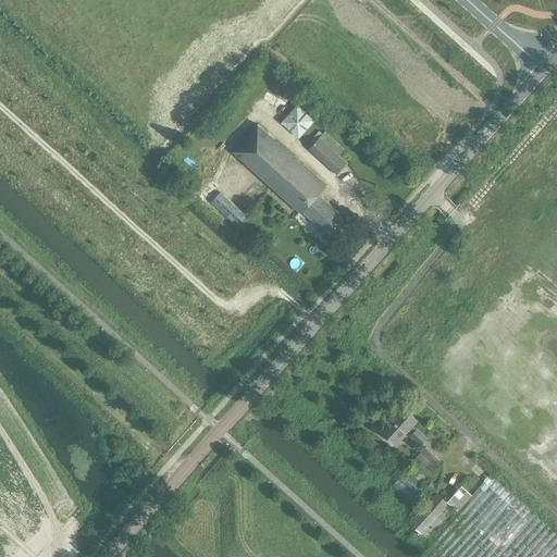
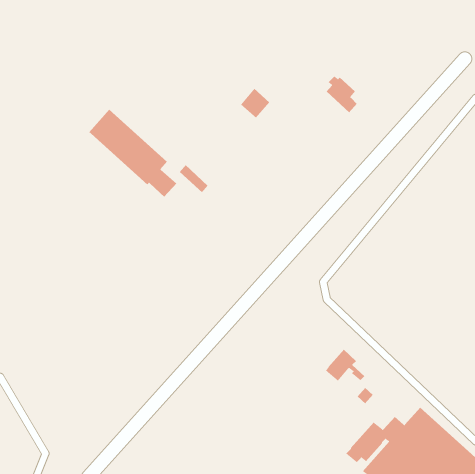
building: [234,127,337,231] -> [89,109,177,197]
building: [310,134,347,177] -> [326,76,358,113]

